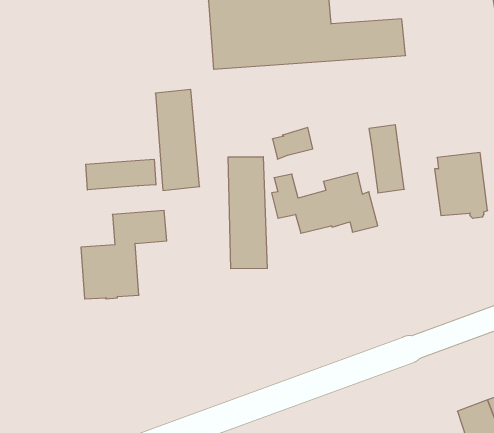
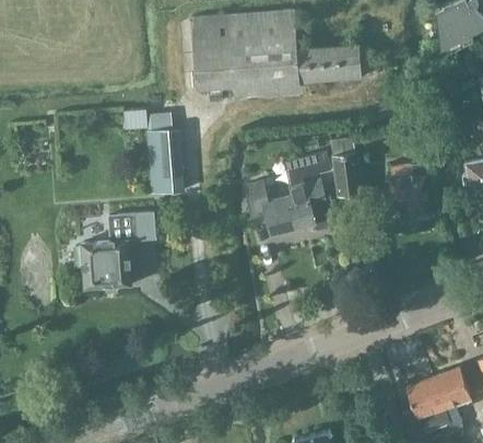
building: [272,127,313,159] -> [294,152,329,179]
building: [228,157,267,269] -> none
building: [86,159,156,190] -> none

